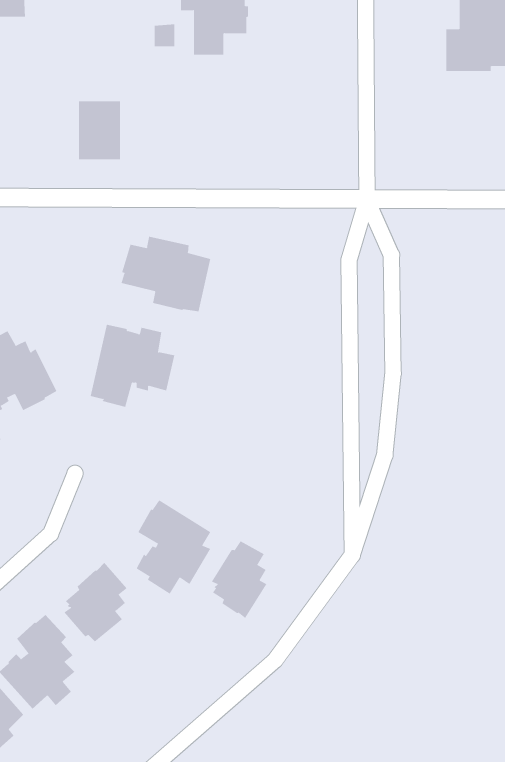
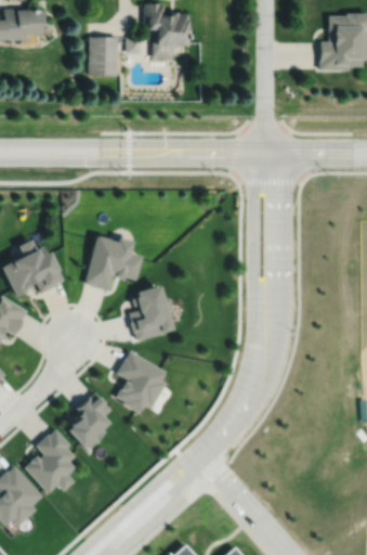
building: [78,101,121,160] -> [90,37,118,76]
building: [121,236,211,312] -> none
building: none -> [129,287,171,341]
building: [211,541,267,619] -> none

